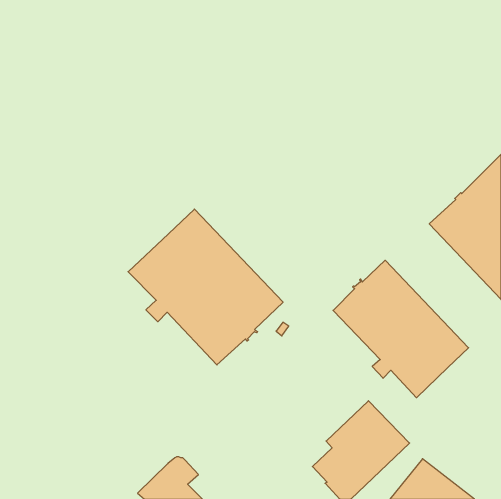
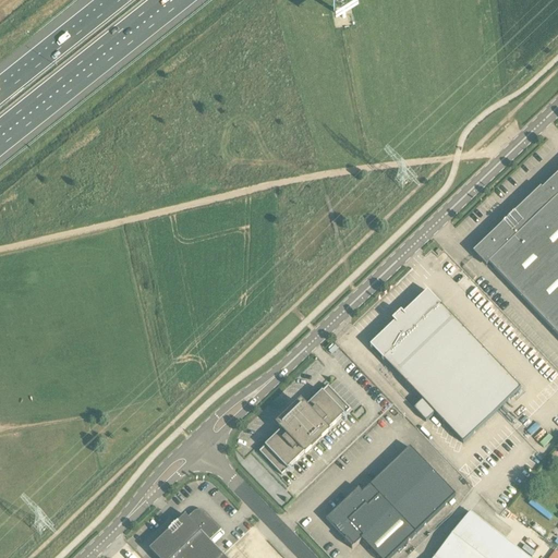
building: [128,209,283,365] -> none
building: none -> [258,384,349,473]
building: none -> [325,485,368,546]

